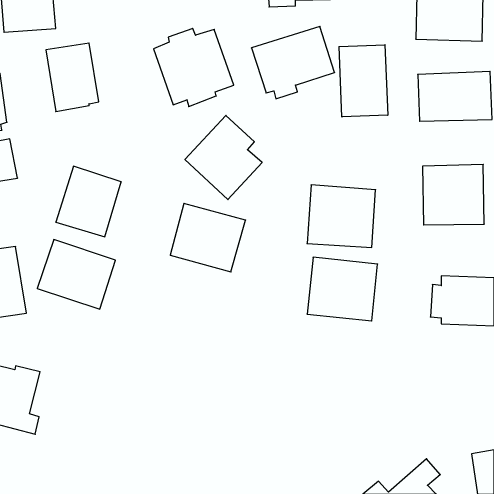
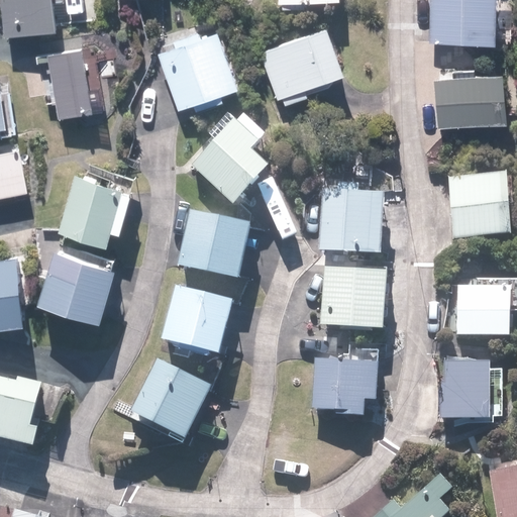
building: [339,45,388,117] -> none
building: none -> [162,287,235,357]
building: none -> [313,357,379,417]
building: none -> [130,358,213,440]
building: none -> [439,361,493,419]

